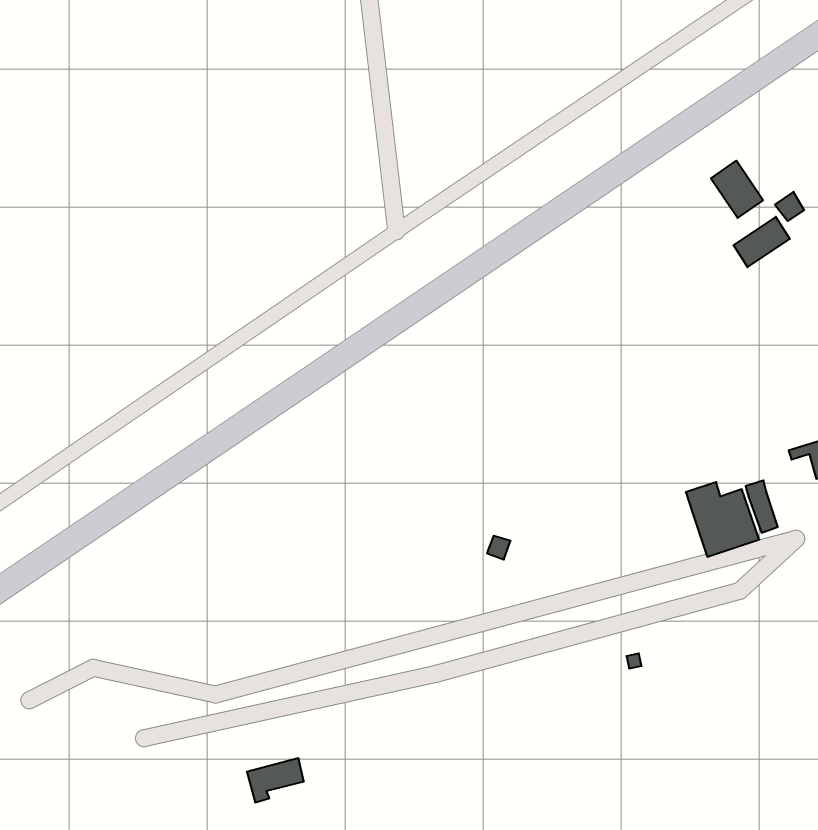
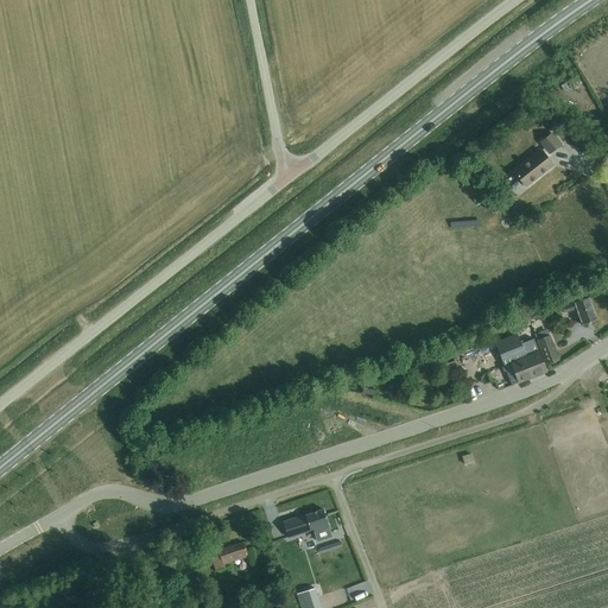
building: [711,161,763,218] -> none
building: none -> [285,508,331,536]

